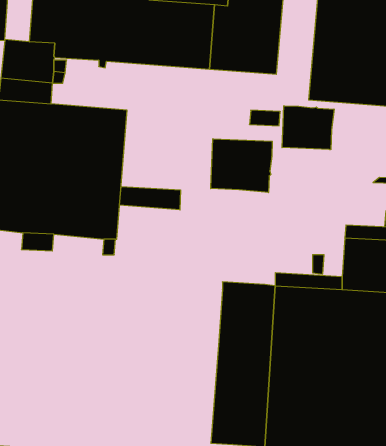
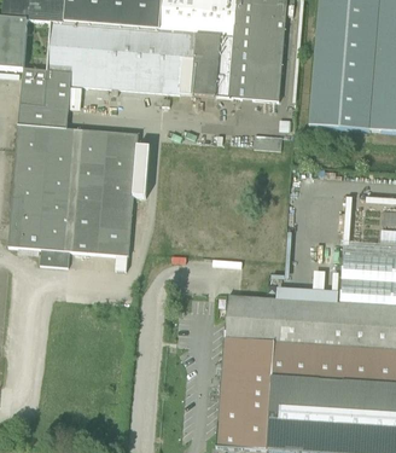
building: [282,106,334,150] -> none
building: [211,139,272,193] -> none
building: [120,186,180,210] -> none

